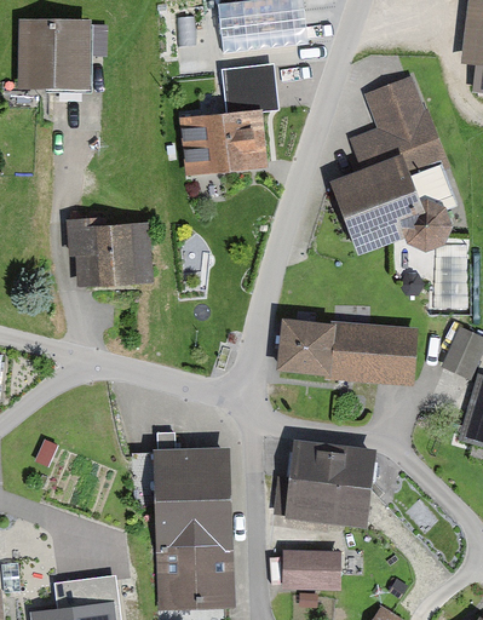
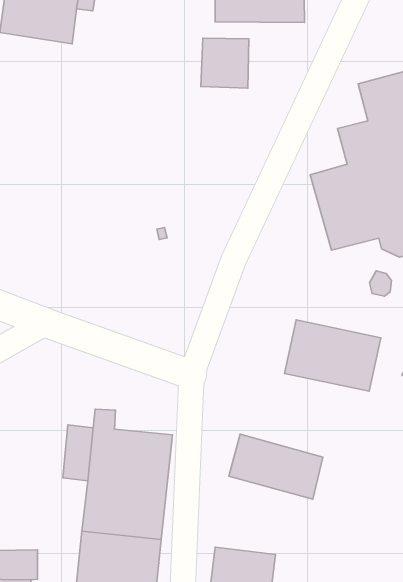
building: [180,110,268,177] -> none
building: [67,220,153,287] -> none
building: [277,320,335,377] -> none
building: [284,481,372,529] -> none

